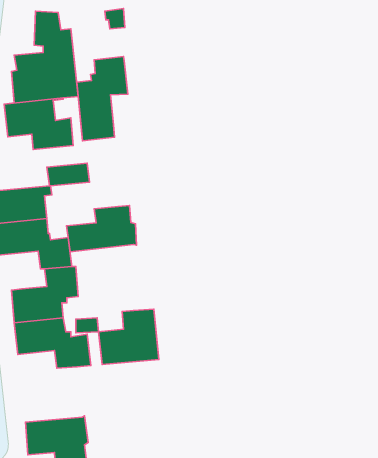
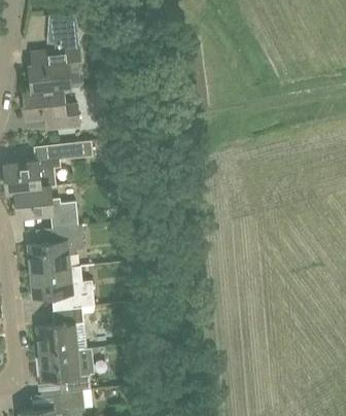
building: [77,57,128,141] -> none
building: [67,206,137,252] -> none
building: [98,309,159,364] -> [36,307,85,352]

